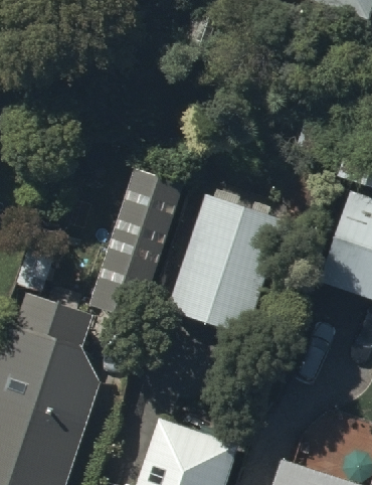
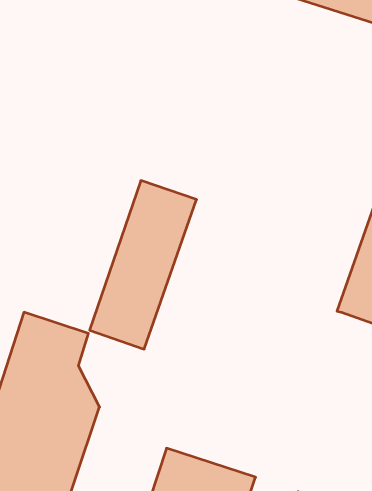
building: [168,204,298,350] -> none

